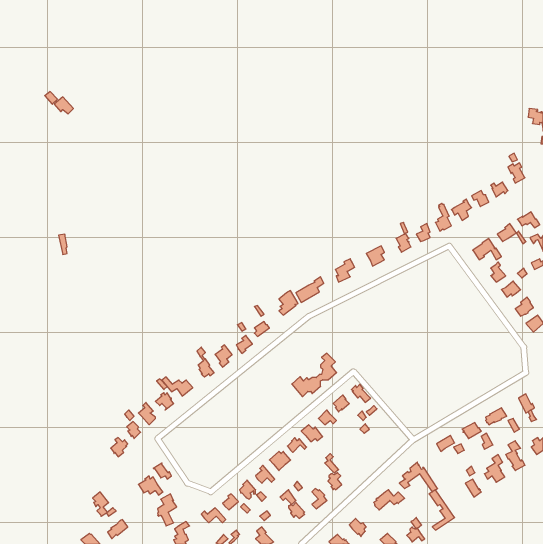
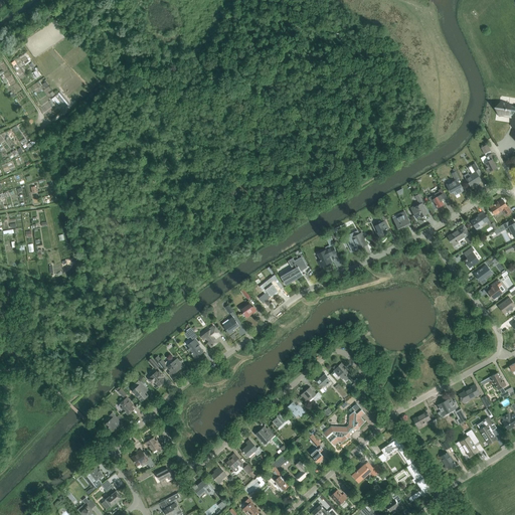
building: [292,353,337,397] -> [322,404,364,446]

